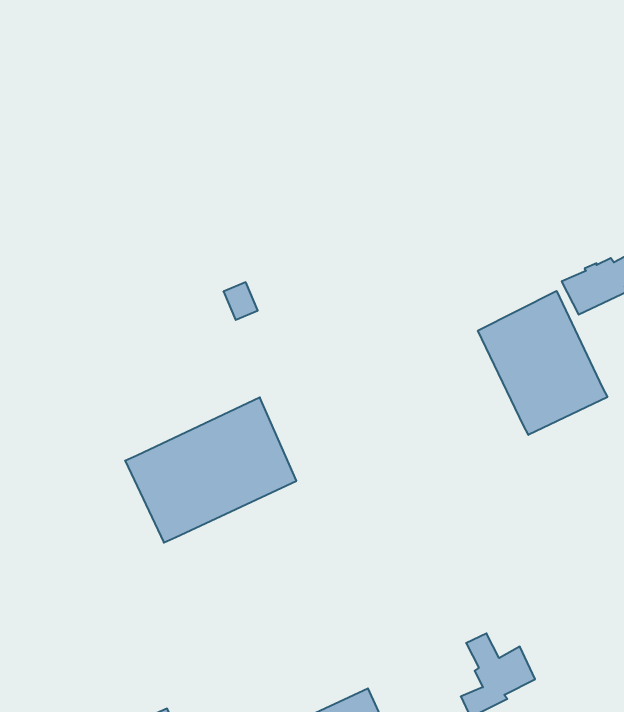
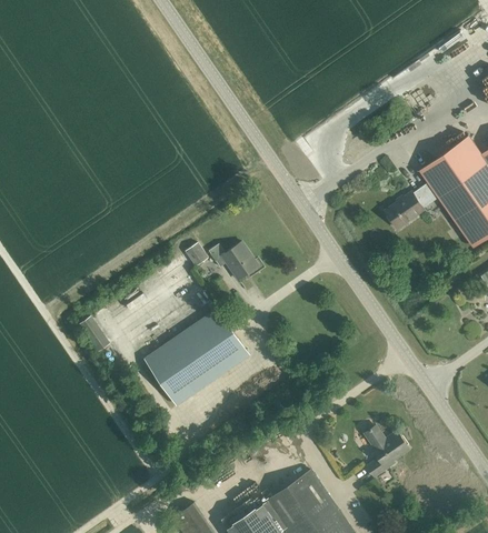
building: none -> [209,242,258,280]
building: [478,291,607,435] -> none

